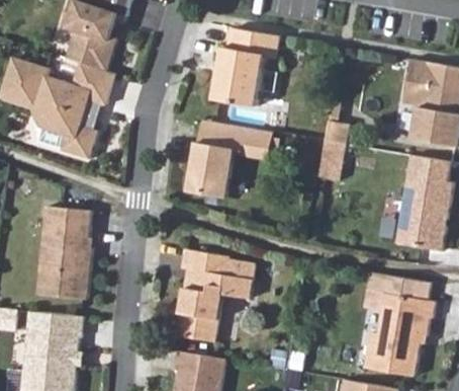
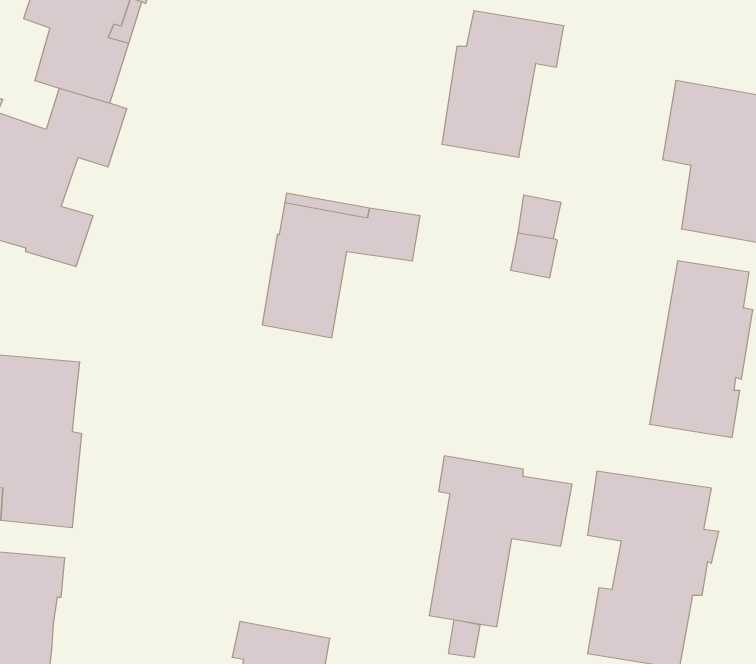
building: [212,28,278,107] -> [442,11,564,157]
building: [176,249,253,341] -> [429,456,572,627]

